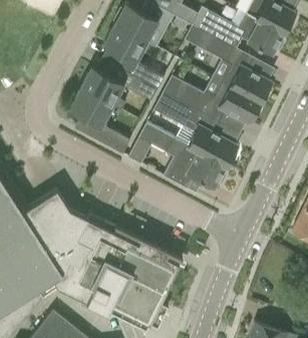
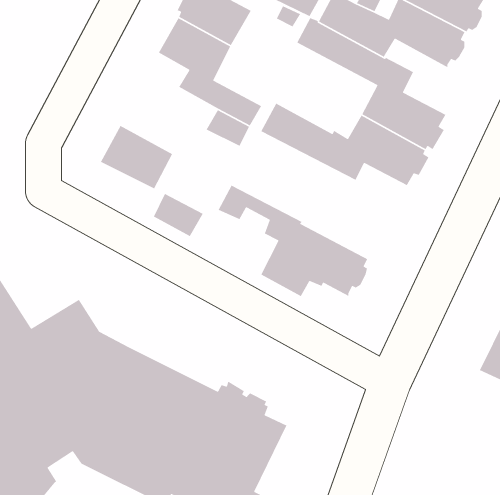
building: [80,67,125,110] -> none
building: [152,92,238,167] -> none

